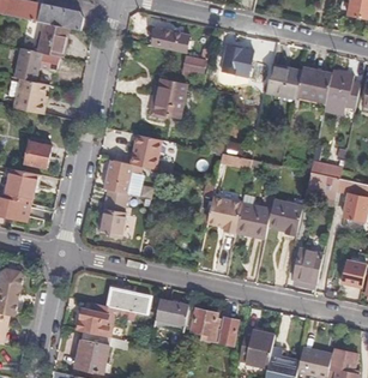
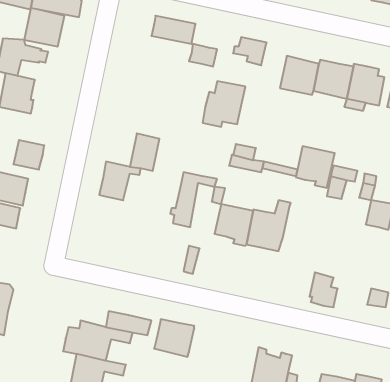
building: [147,78,186,119] -> [203,81,245,127]
building: [96,190,138,239] -> [170,172,217,227]
building: [267,199,302,236] -> [296,146,335,188]
building: [183,308,237,347] -> none

